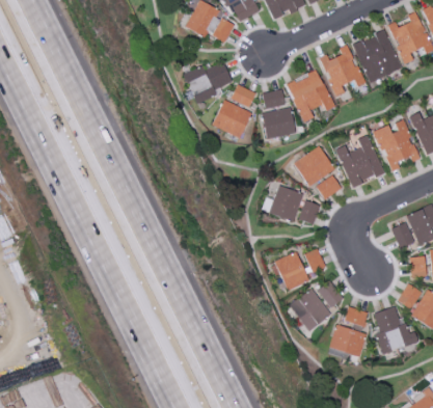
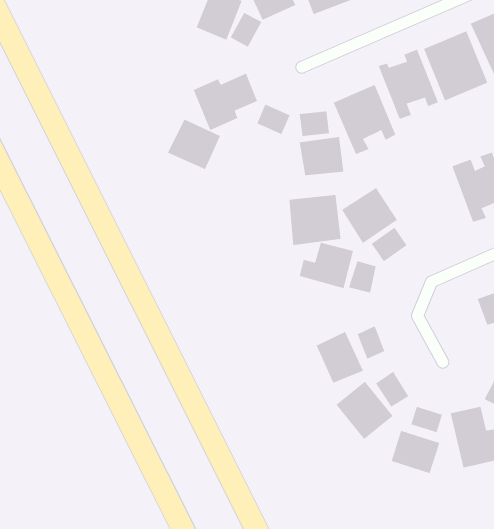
building: [212,100,251,137] -> [167,119,221,170]
building: [335,135,384,188] -> none
building: none -> [289,194,341,246]

